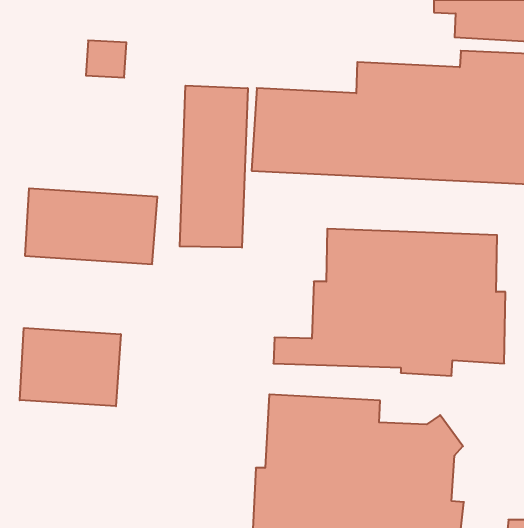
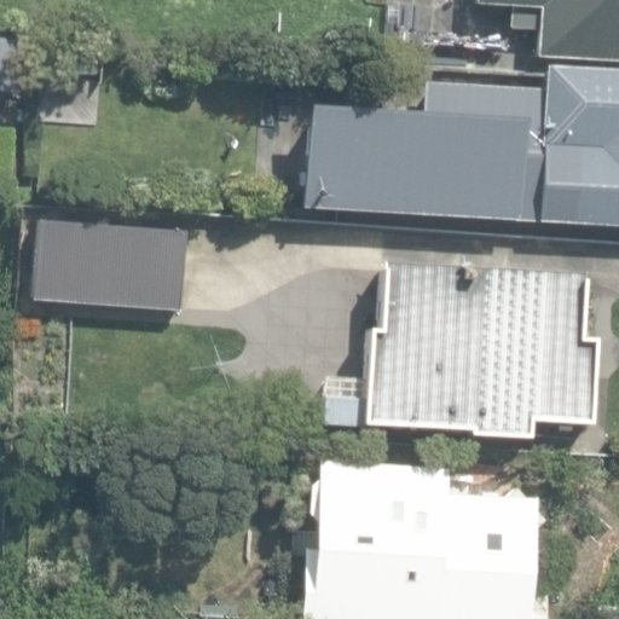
building: [180,86,248,248] -> none
building: [20,328,121,406] -> none

